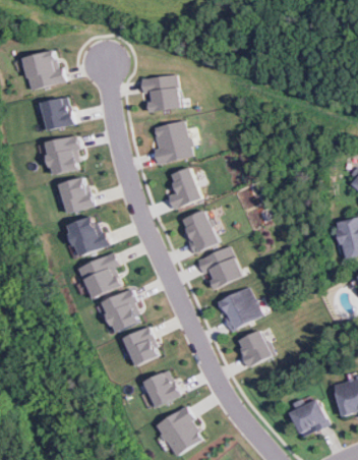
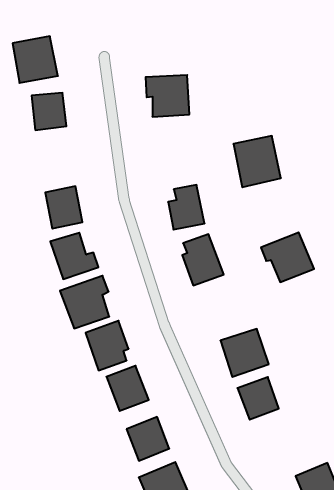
building: [148,119,191,165] -> [233,136,281,187]
building: [44,135,81,175] -> none
building: [194,245,241,289] -> [261,232,314,282]

